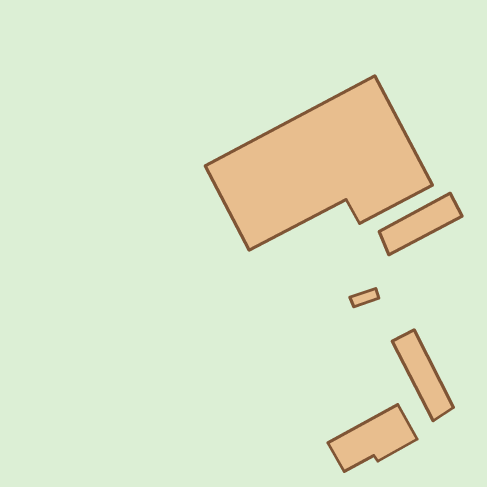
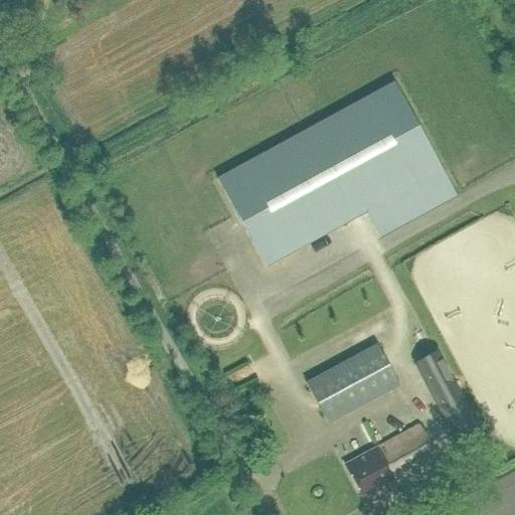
building: [379,193,462,255] -> none
building: none -> [307,345,399,424]

